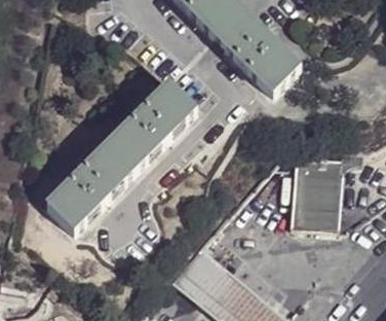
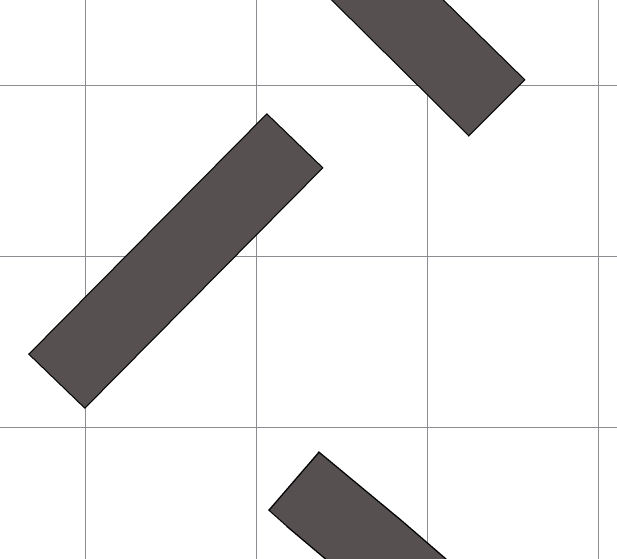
building: [287,156,341,231] -> none

